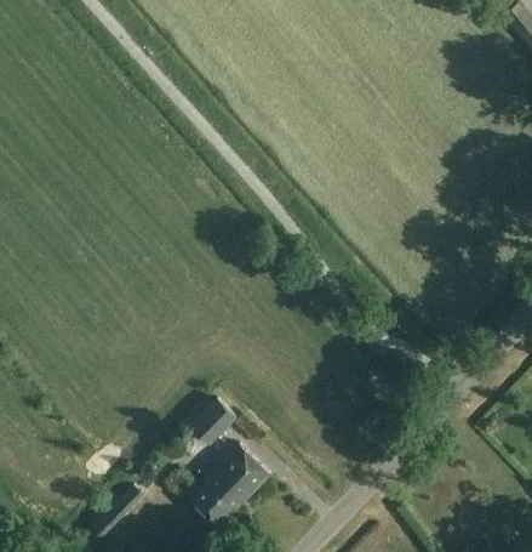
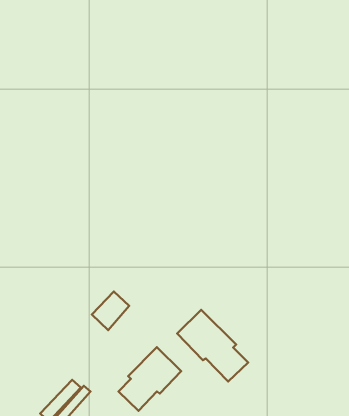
building: none -> [177,310,248,382]
building: [189,398,236,446] -> [92,292,129,330]

